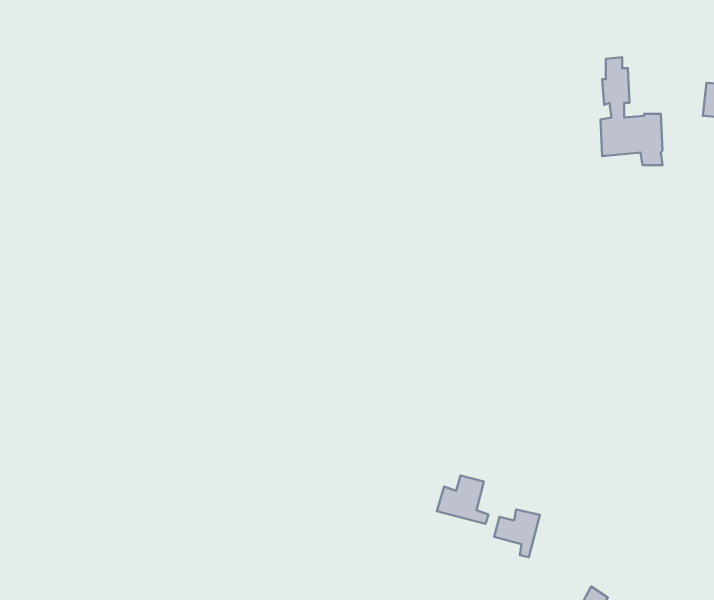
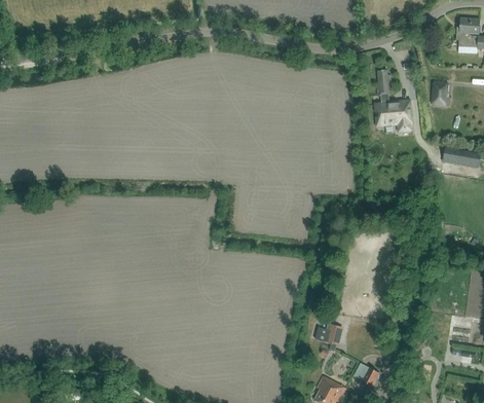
building: [437,476,488,524] -> none

